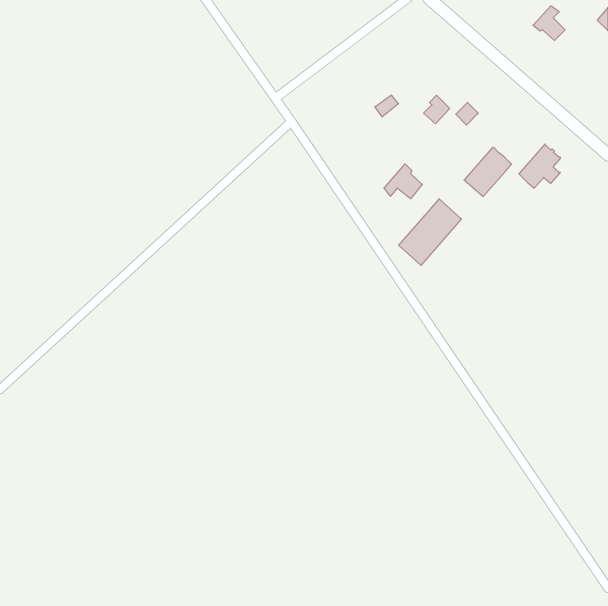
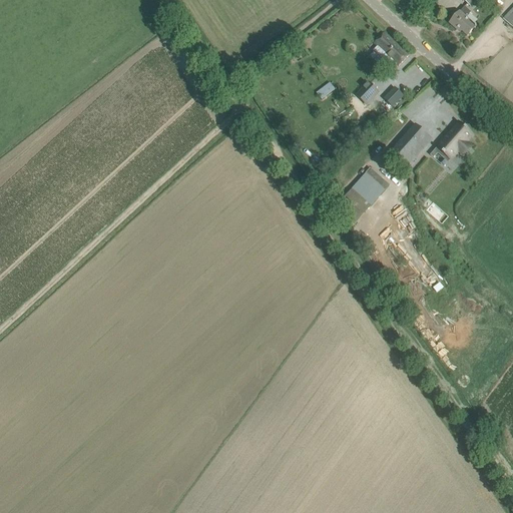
building: none -> [373,32,408,67]
building: [384,164,422,199] -> none

